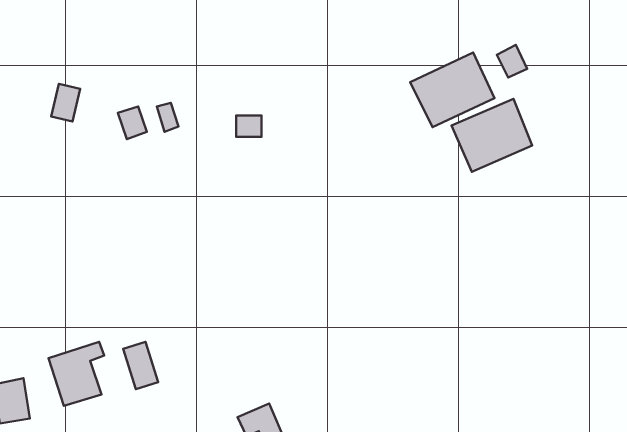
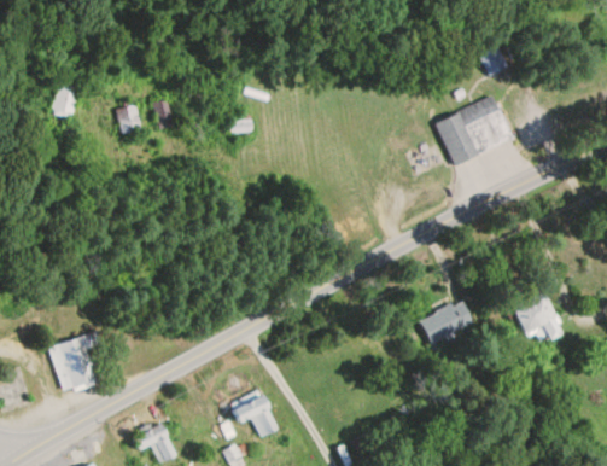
building: [410,52,495,127] -> none
building: none -> [510,293,560,338]
building: none -> [419,301,472,343]
building: [123,342,158,389] -> none

